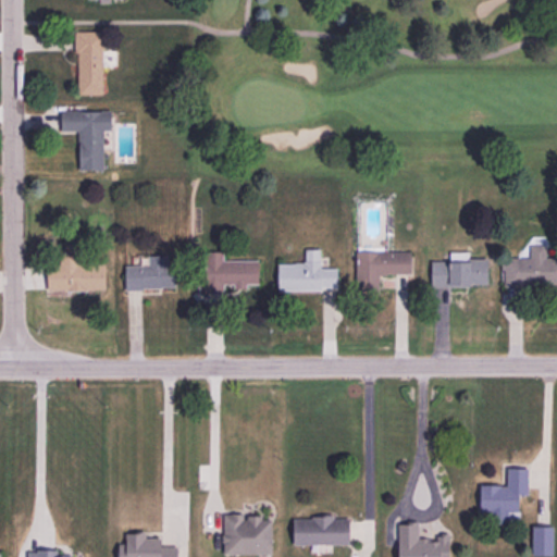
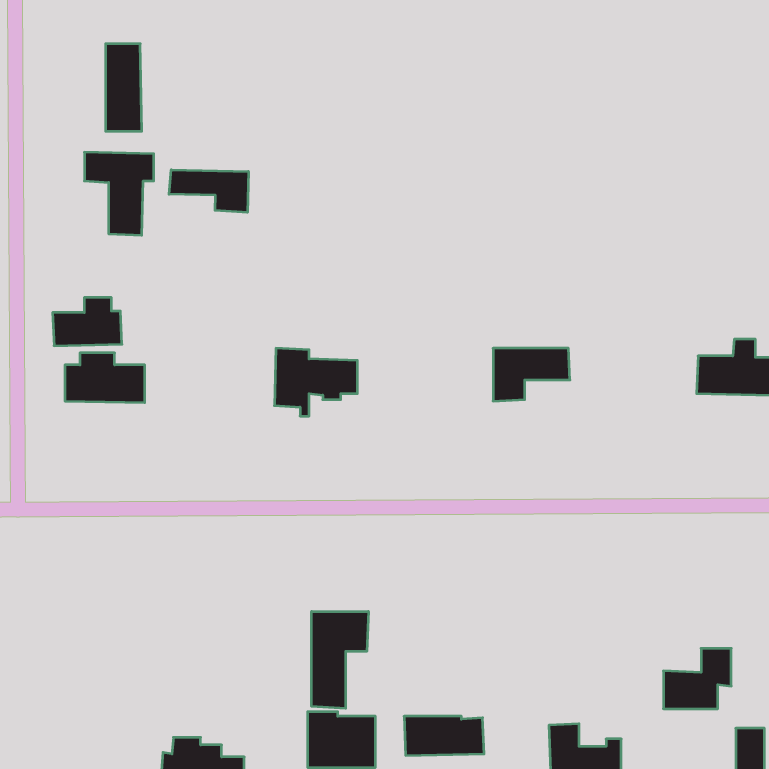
building: none -> [169,170,248,212]
building: [277,249,338,292] -> none
building: [125,256,175,290] -> [53,298,122,346]
building: [431,260,488,286] -> none
building: none -> [312,611,368,708]

